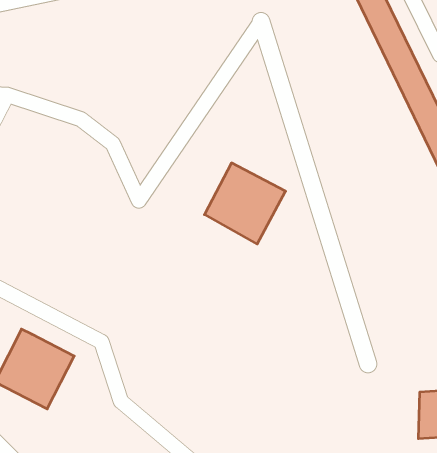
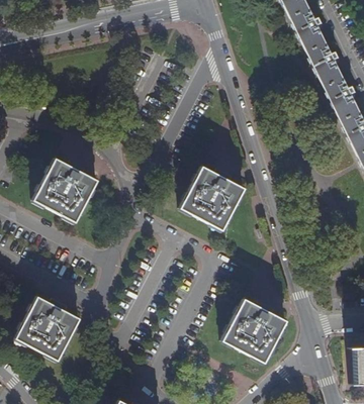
building: none -> [33,160,96,222]
building: none -> [221,299,285,363]

